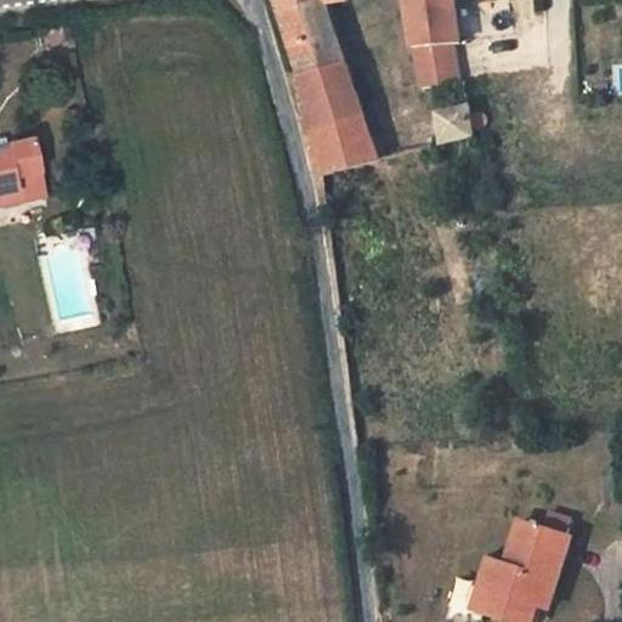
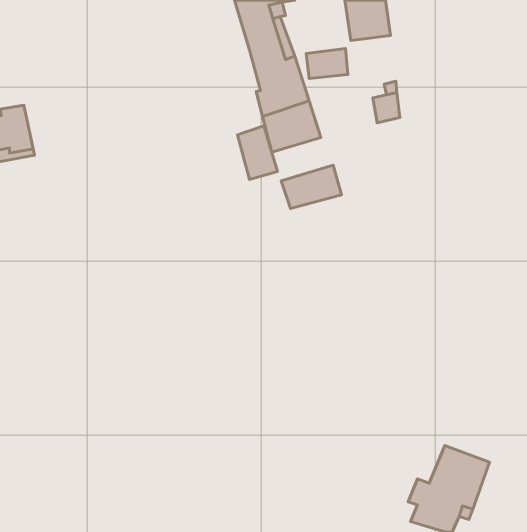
building: [409,41,458,77] -> [306,48,348,79]
building: none -> [237,126,278,179]
building: none -> [281,165,341,209]

